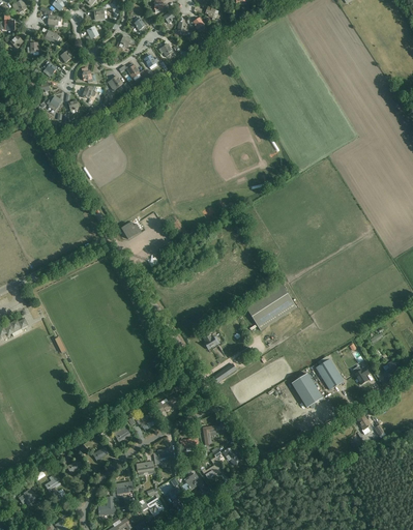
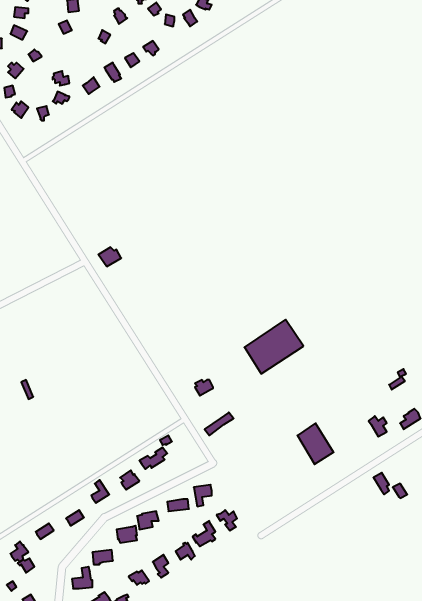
building: [315,359,343,389] -> none

